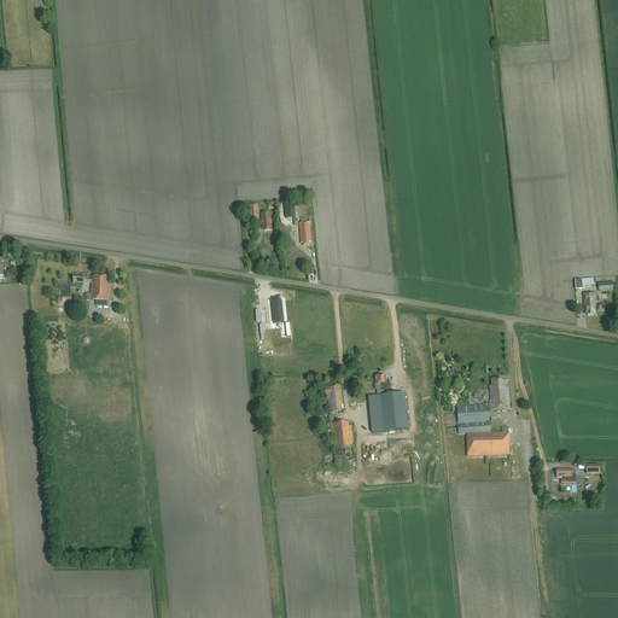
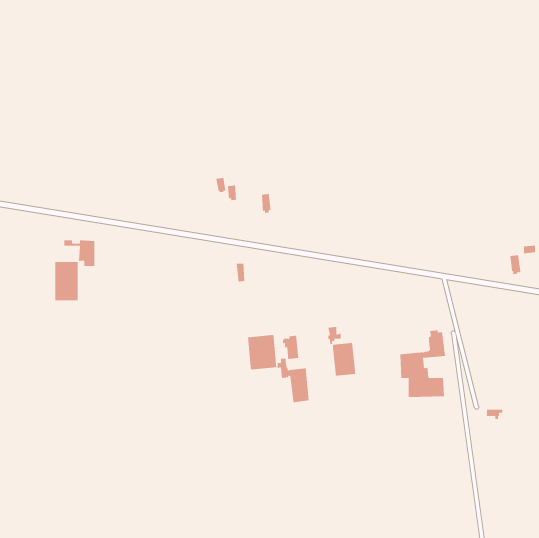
building: none -> [55,261,78,301]
building: none -> [248,334,277,370]

